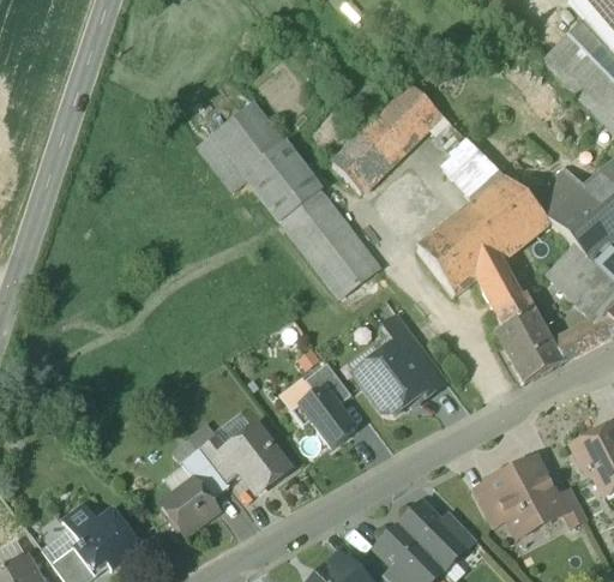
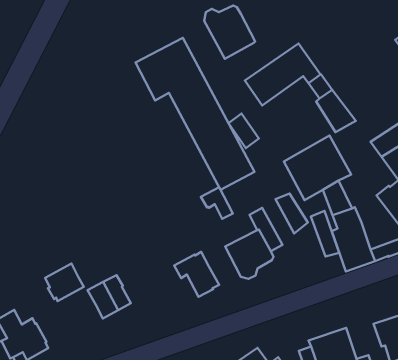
building: none -> [204,6,255,59]
building: [332,145,377,191] -> [228,114,259,148]
building: [474,176,548,250] -> none
building: none -> [276,194,308,234]
building: none -> [311,211,339,257]
building: [305,361,351,403] -> [201,187,233,219]
building: [225,425,288,491] -> none
building: [162,479,216,533] -> [45,263,84,301]

